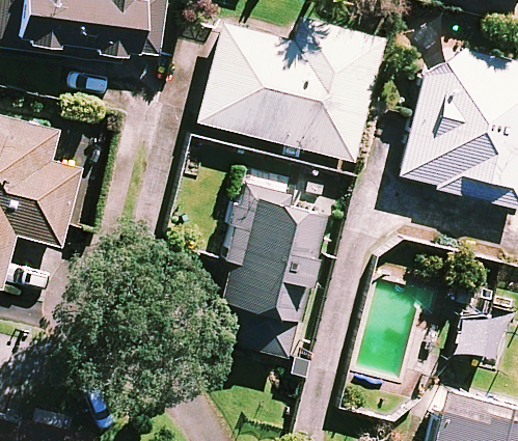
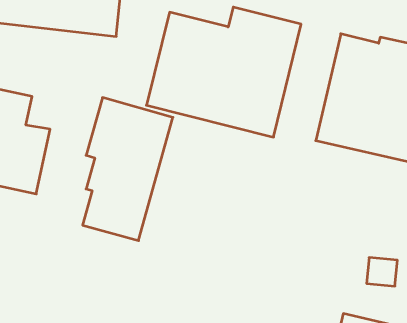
building: [220,188,329,360] -> [83,98,173,241]

